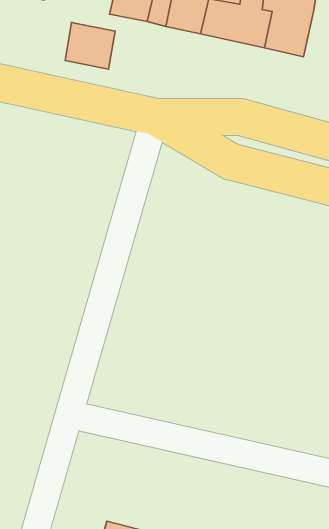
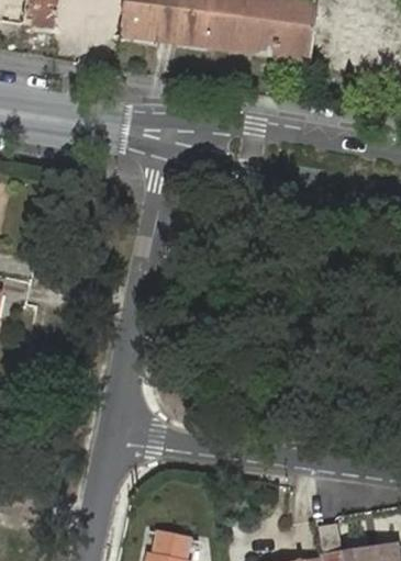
building: [65,22,115,69] -> none

